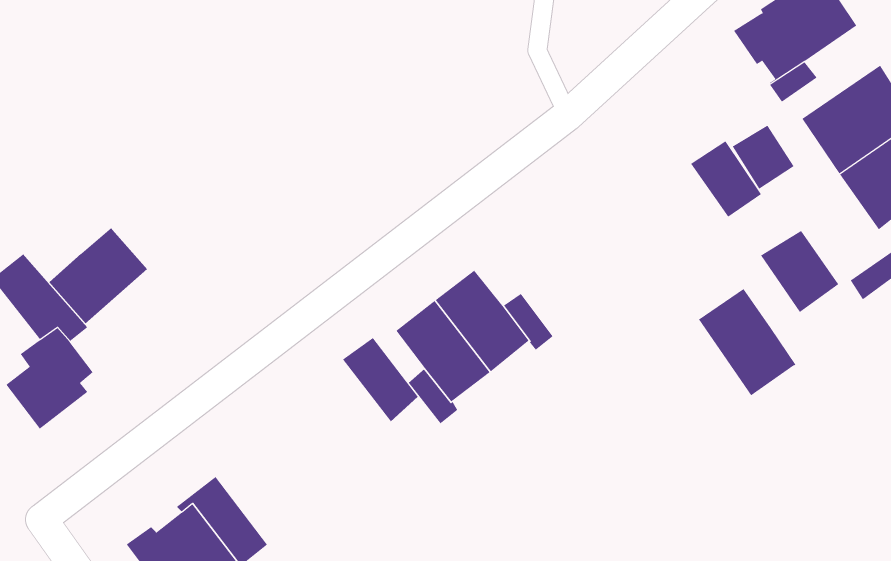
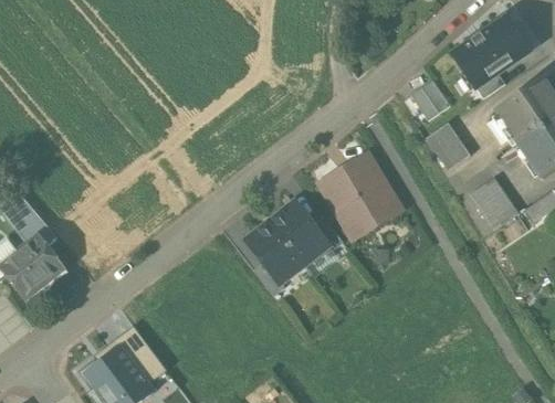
building: [732,125,795,189] -> [411,81,450,120]
building: none -> [326,162,396,232]
building: [49,227,148,324] -> none
building: [698,288,796,396] -> none
building: [342,337,419,422] -> none

